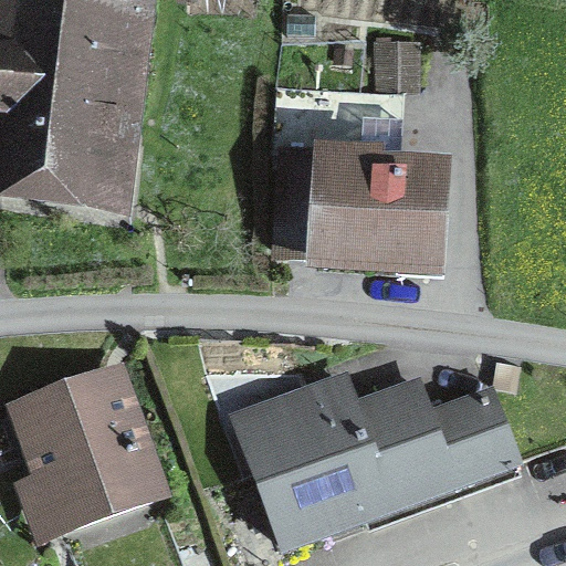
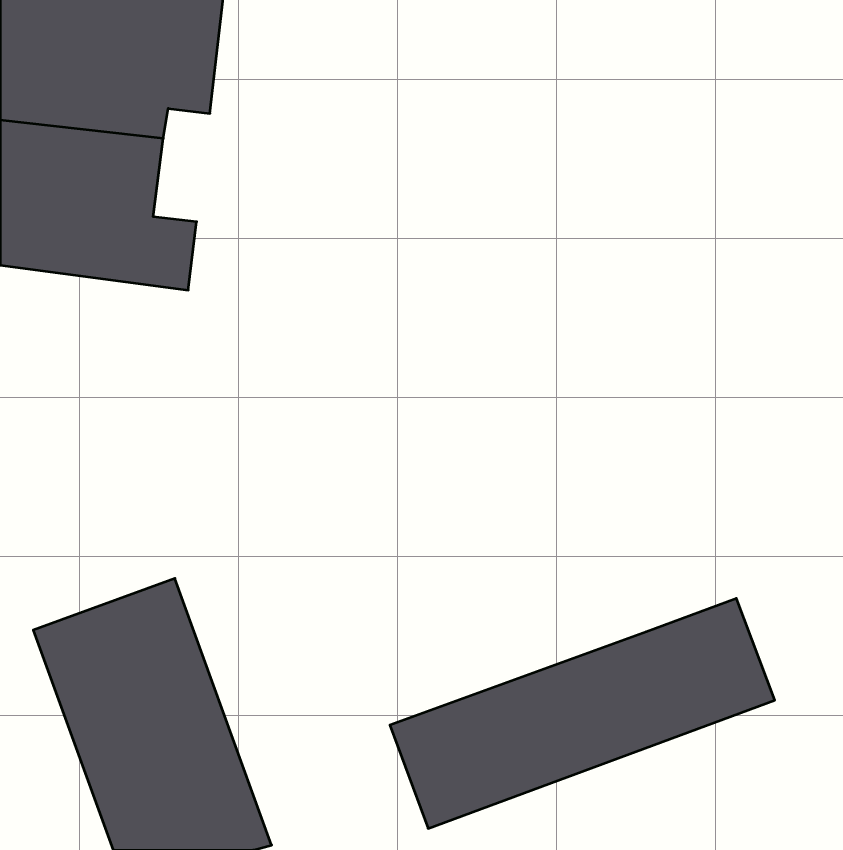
building: [276,45,442,268] -> none
building: [244,387,434,481] -> none

